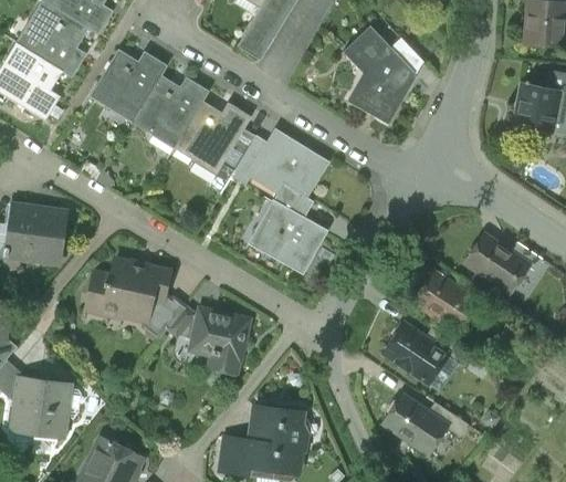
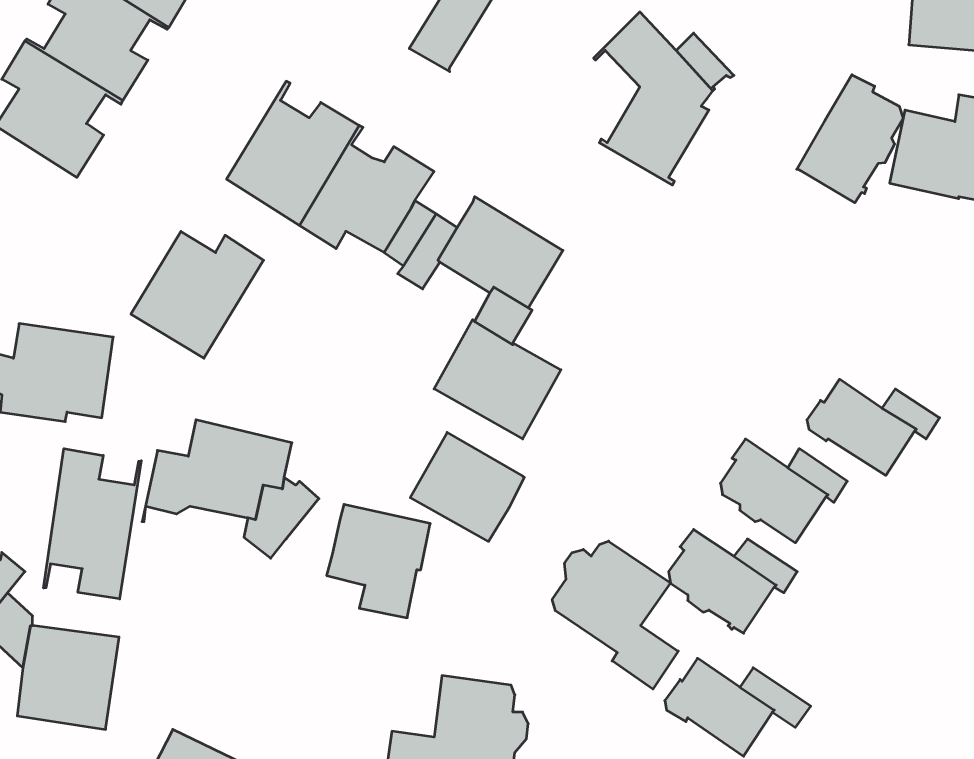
building: [90,49,166,122] -> [131,231,264,358]
building: none -> [797,75,903,203]
building: none -> [410,432,524,541]
building: none -> [44,449,141,599]
building: [166,305,197,337] -> none
building: none -> [552,541,678,689]

